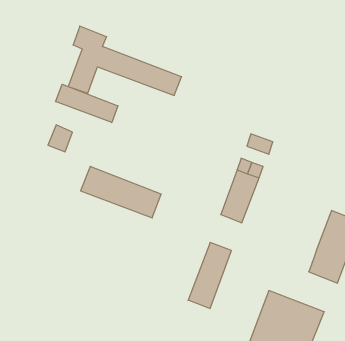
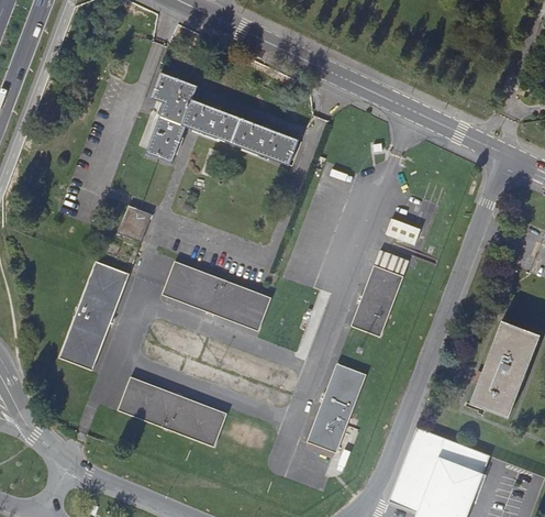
building: [55,84,118,123] -> none
building: none -> [59,261,129,370]
building: none -> [118,376,226,447]

